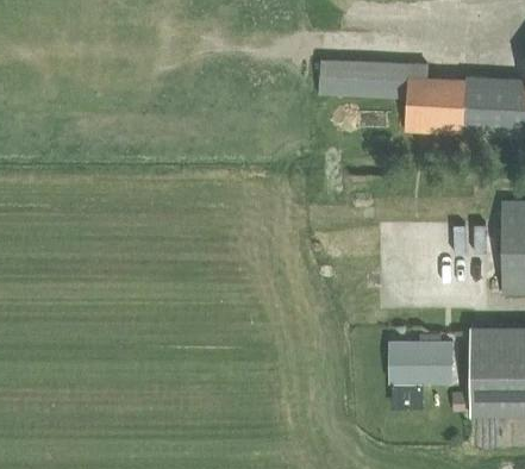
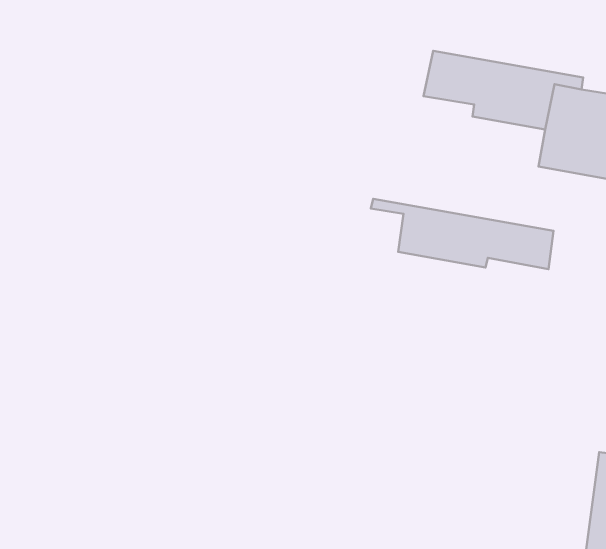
building: none -> [371,199,554,269]
building: [388,339,454,383] -> none

